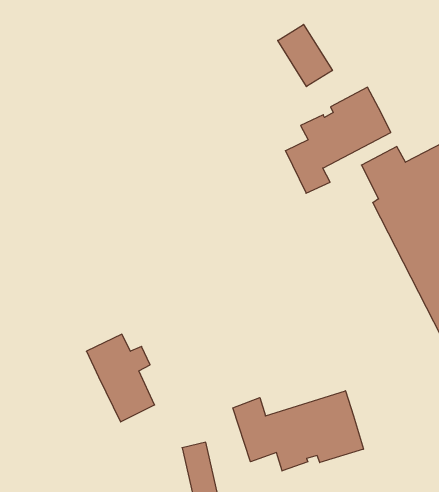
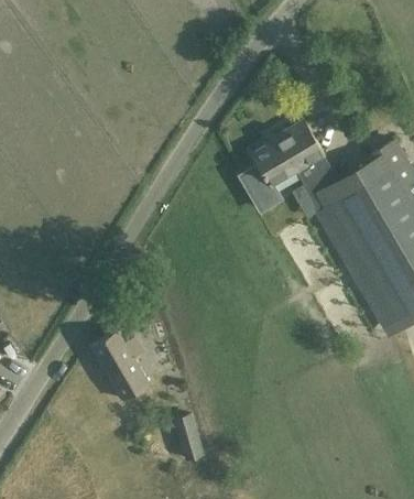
building: [278,24,332,87] -> none
building: [233,391,363,471] -> none

